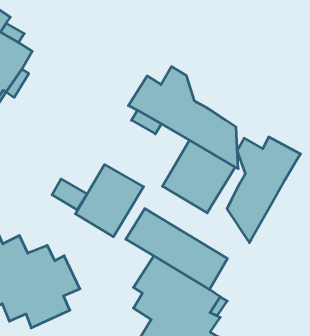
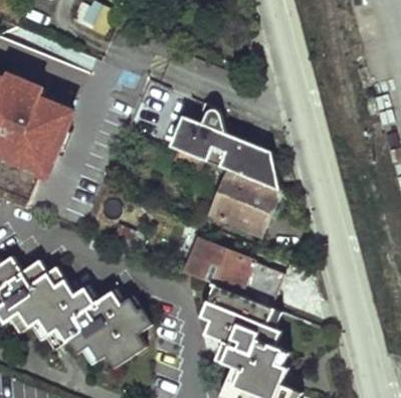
building: [227,137,301,243] -> none
building: [75,165,144,237] -> none

